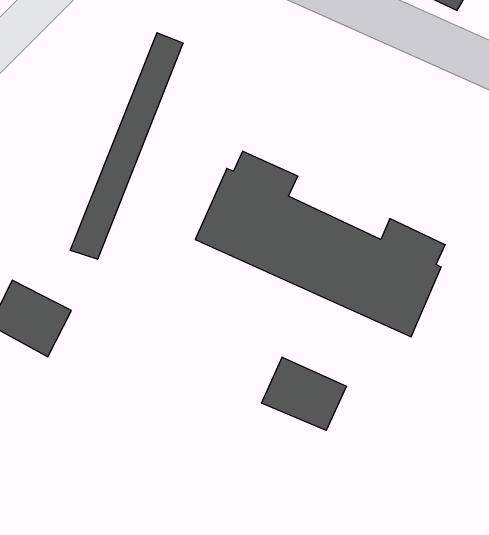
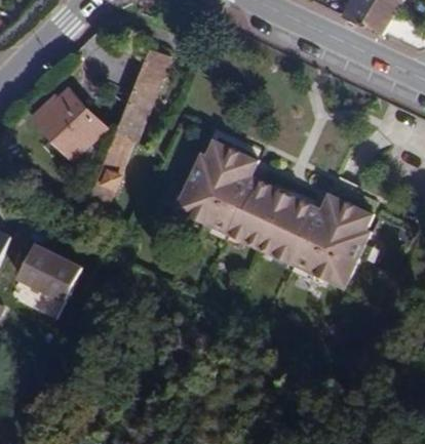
building: none -> [42,93,98,150]
building: [261,357,347,430] -> none

